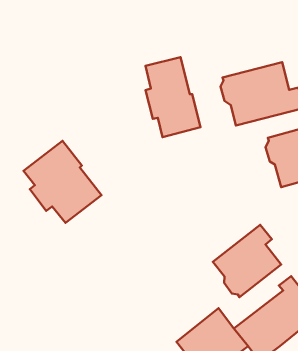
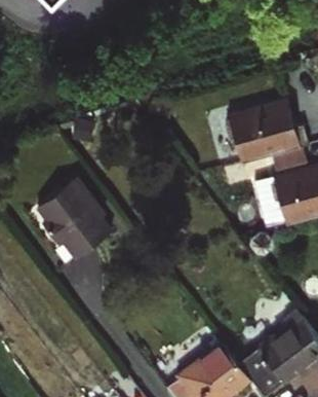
building: [145,57,200,137] -> none
building: [213,225,281,297] -> none

